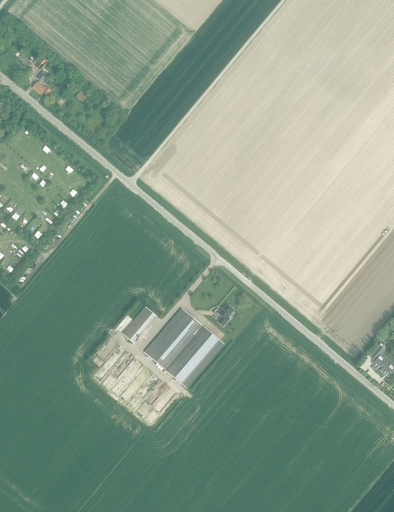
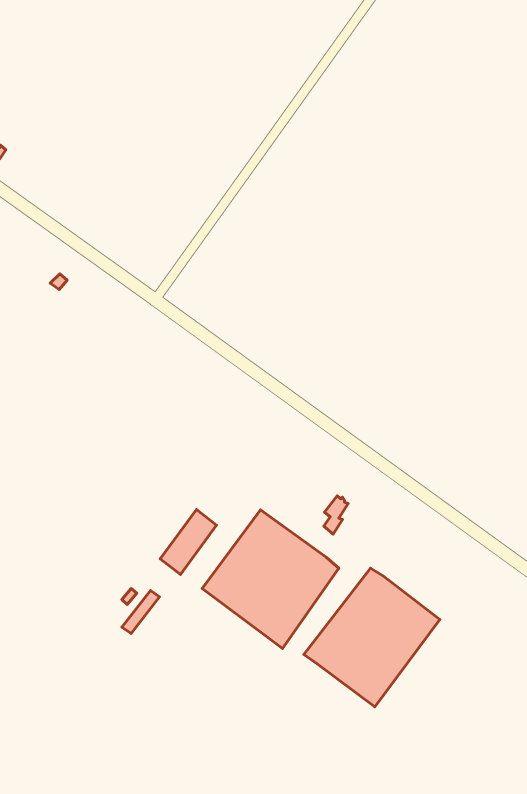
building: none -> [304,568,440,707]

